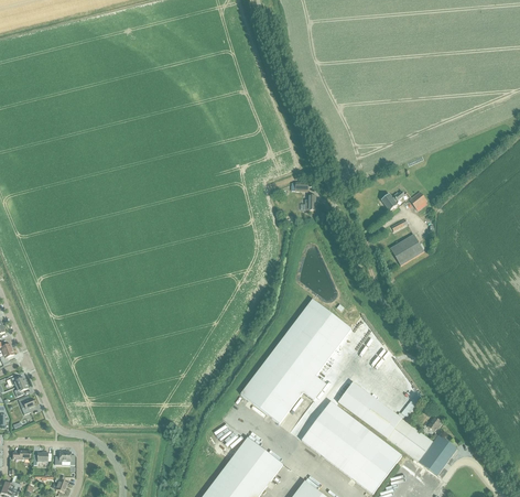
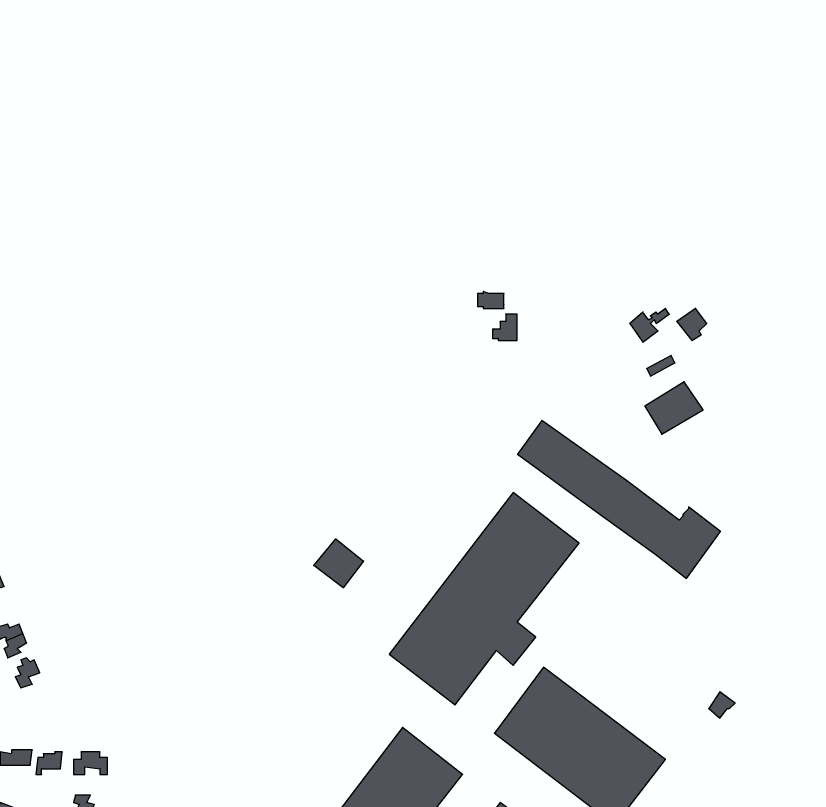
building: none -> [314,539,364,588]
building: [338,382,457,475] -> [518,420,720,578]

